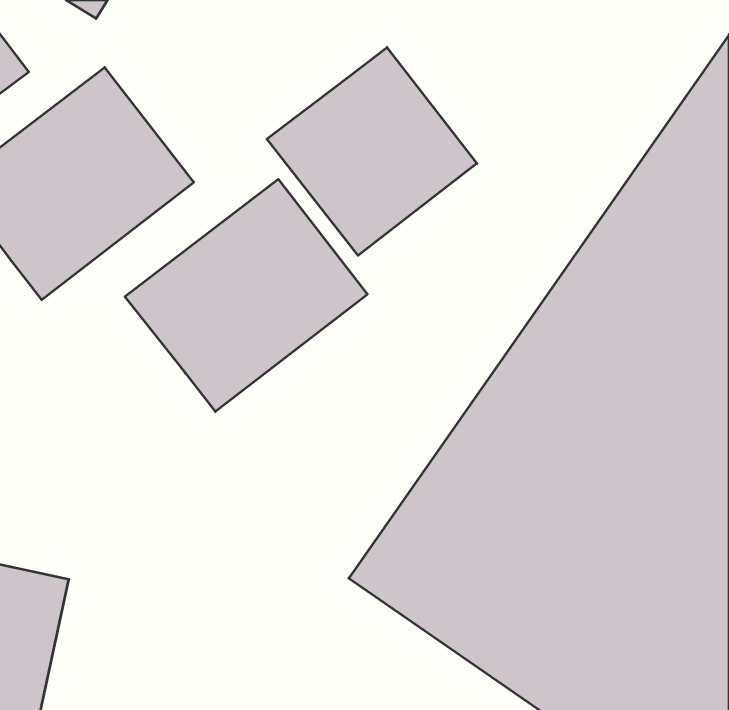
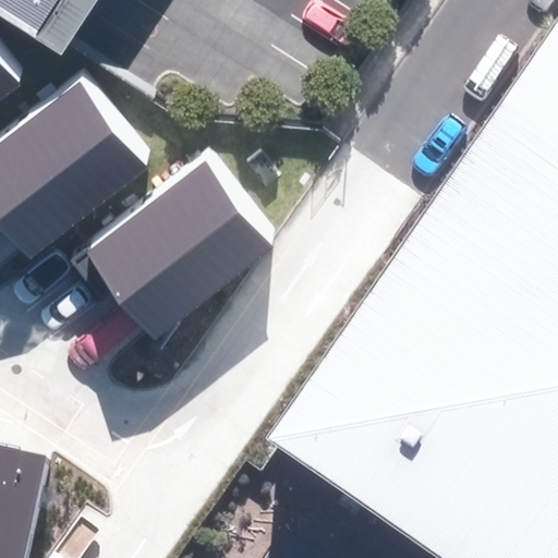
building: [267,47,477,255] -> none

